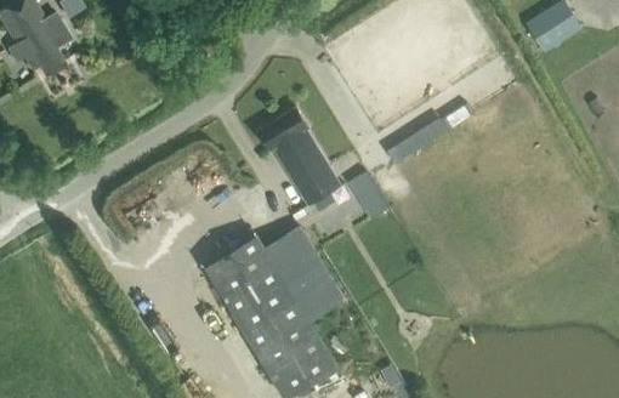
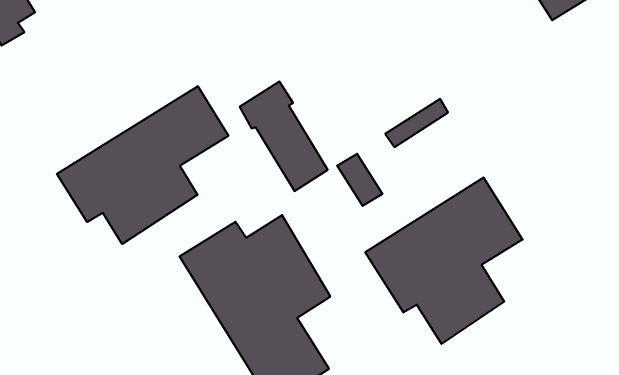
building: none -> [57,86,228,244]
building: none -> [365,177,523,344]

